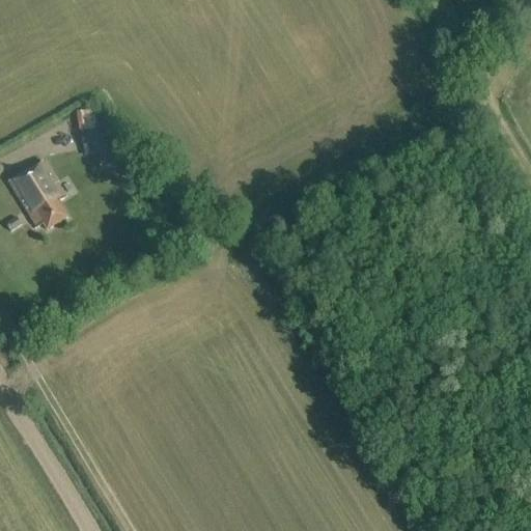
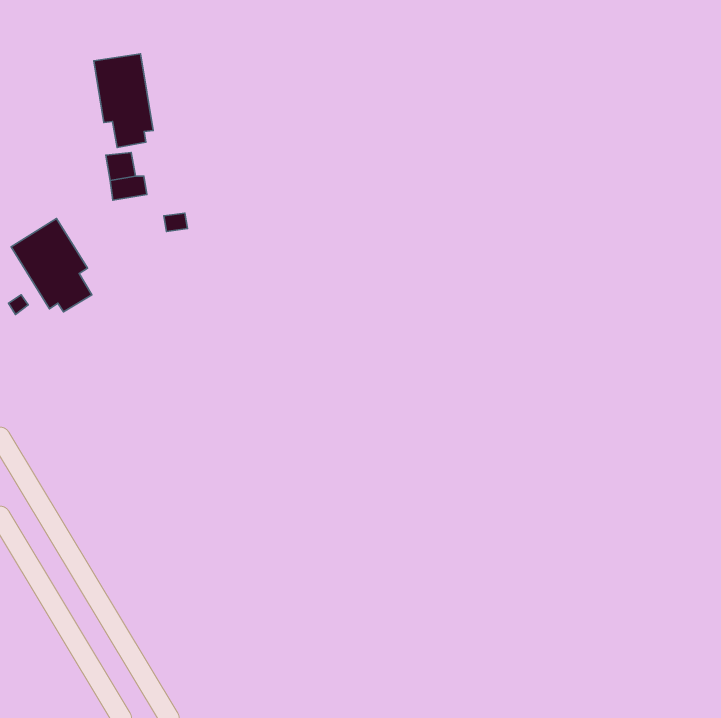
building: none -> [94,54,153,147]

